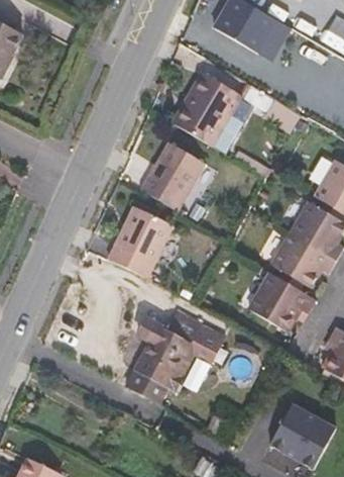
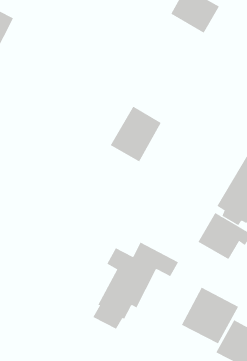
building: [170,72,241,147] -> none
building: [106,206,173,281] -> none
building: none -> [181,287,239,344]

